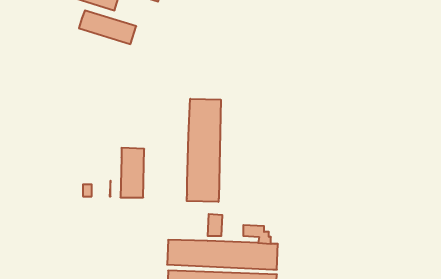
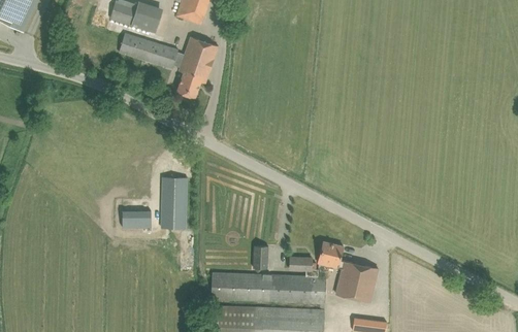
building: none -> [176,36,218,97]
building: [187,99,221,202] -> none
building: none -> [317,241,377,302]

